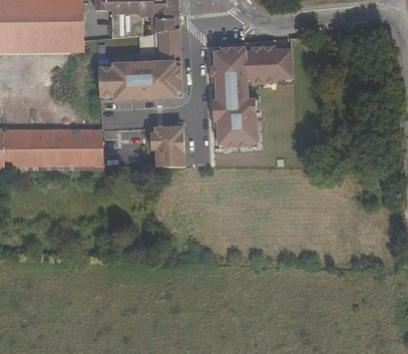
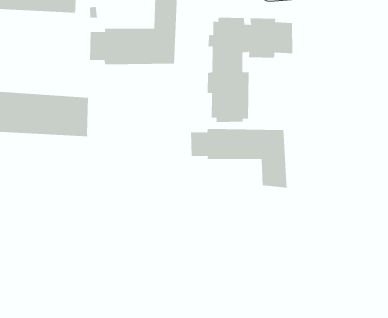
building: [150,126,184,166] -> none
building: none -> [190,128,288,188]

